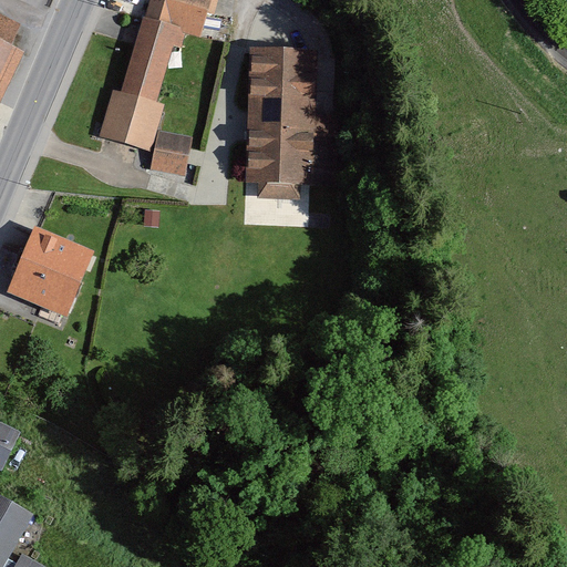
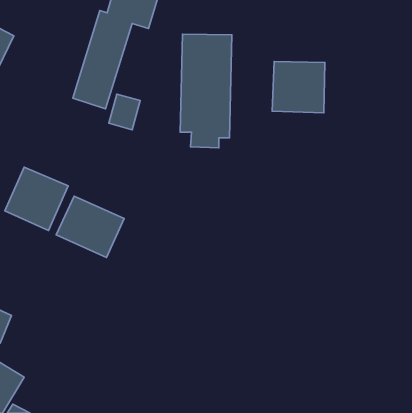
building: none -> [272,61,325,113]
building: none -> [56,196,124,258]

